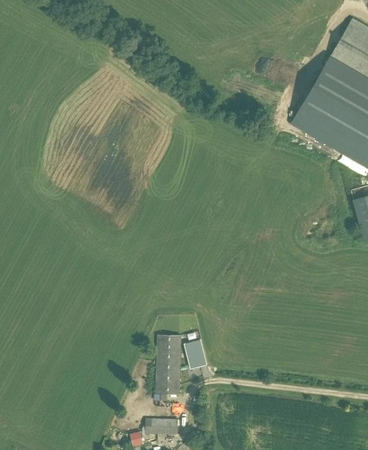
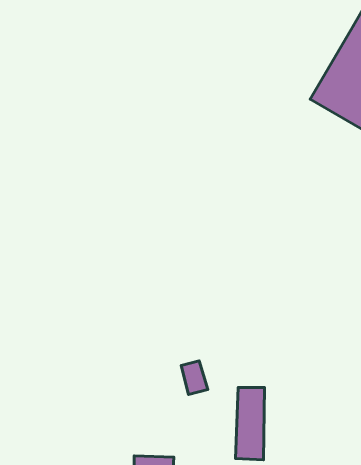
building: [156,335,180,395] -> [236,387,265,460]

